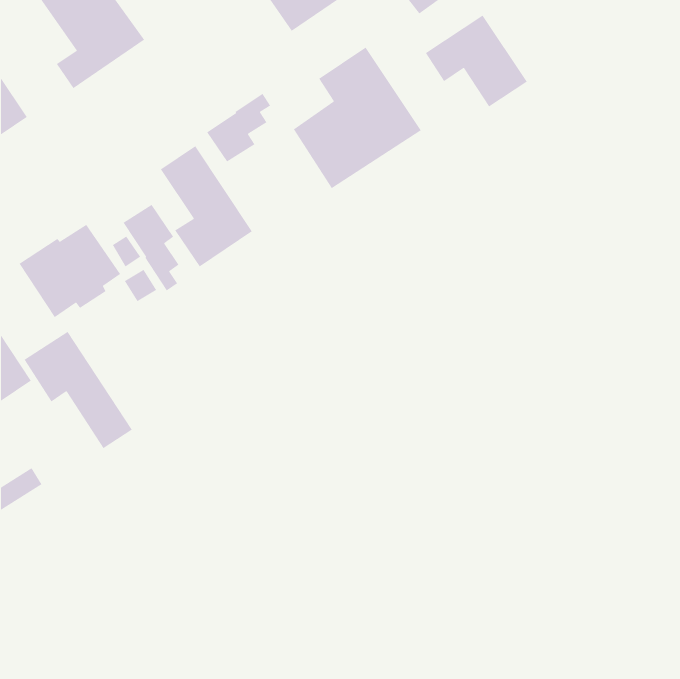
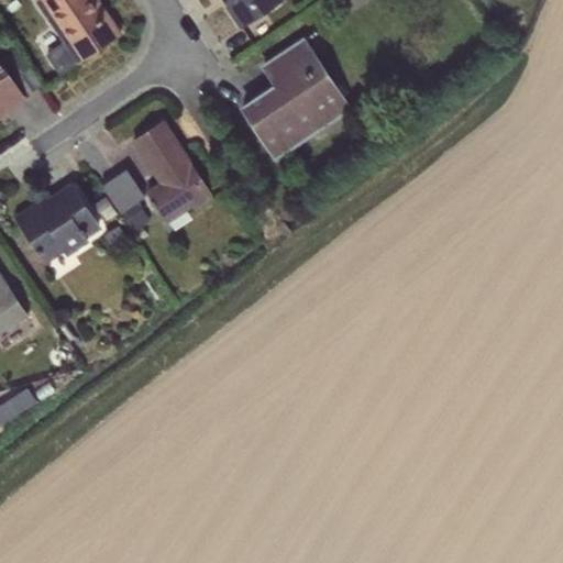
building: [425,14,528,108] -> none
building: [206,93,271,163] -> none
building: [23,331,133,449] -> none

